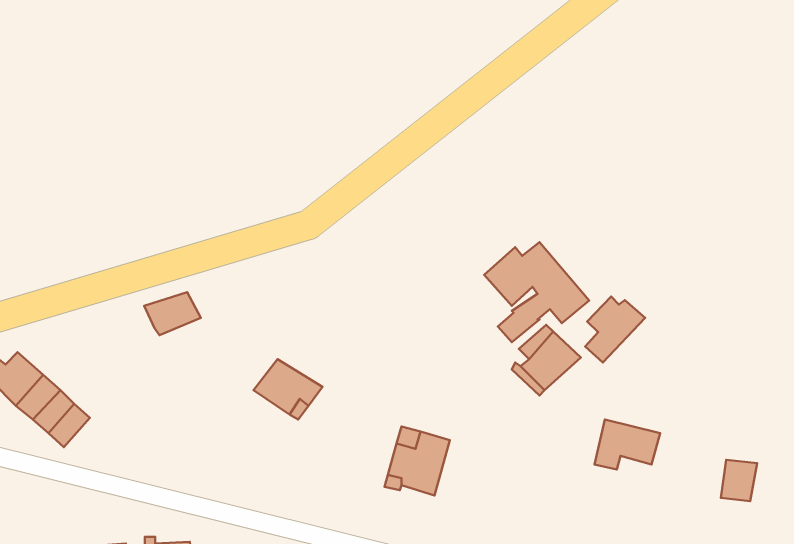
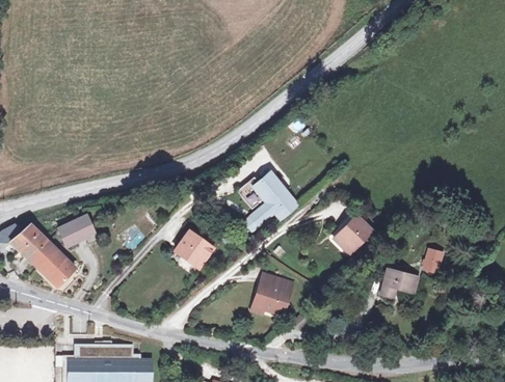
building: [484,242,589,342] -> [236,171,299,231]
building: [144,292,201,335] -> [60,220,95,246]
building: [585,296,645,363] -> none
building: [721,460,757,501] -> [422,249,444,274]

